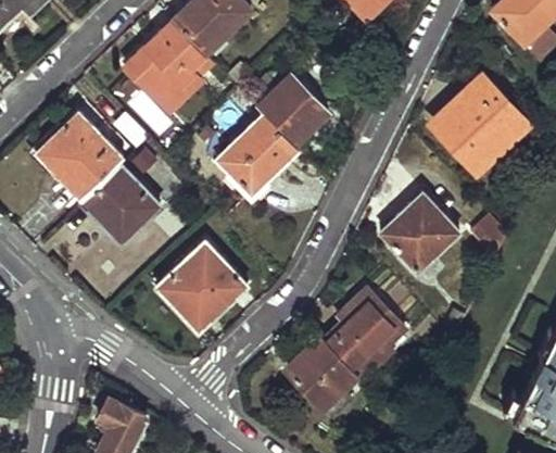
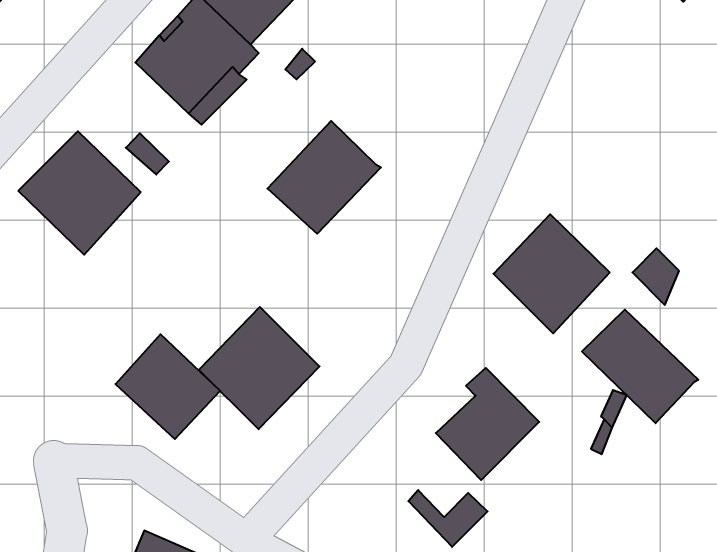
building: [258,66,339,148] -> none
building: [431,77,519,166] -> none
building: [79,165,154,241] -> [115,334,220,439]
building: none -> [582,310,698,423]
building: [286,338,354,404] -> none

